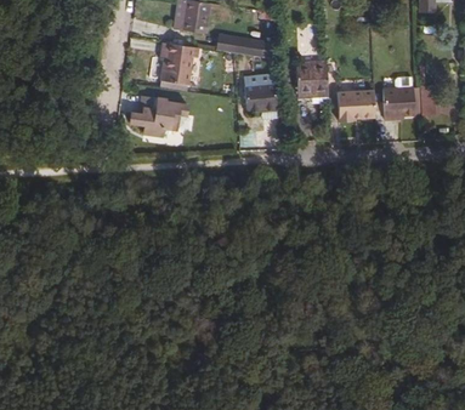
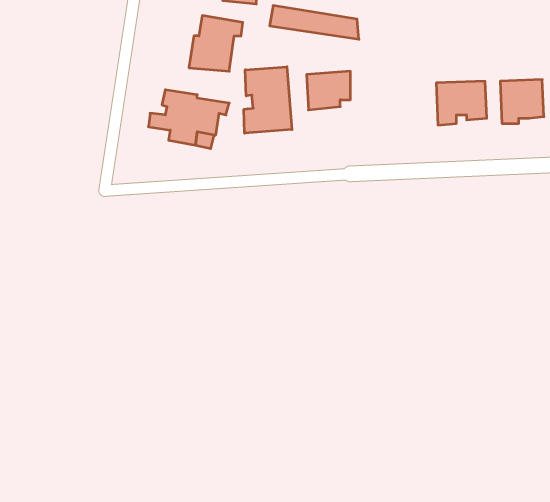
building: [294,67,327,101] -> none
building: none -> [244,67,292,133]

